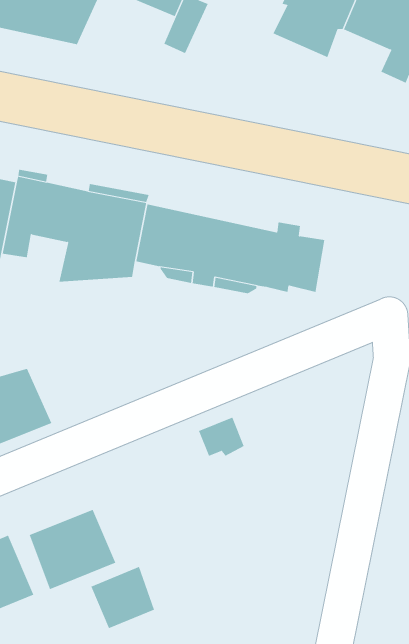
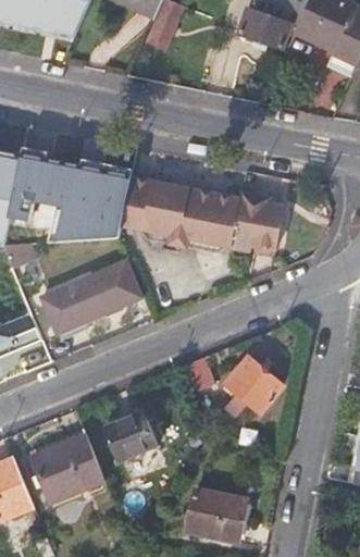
building: none -> [41,260,141,331]
building: none -> [221,354,283,416]
building: [91,566,155,629] -> [103,408,158,461]
building: none -> [186,487,245,542]

